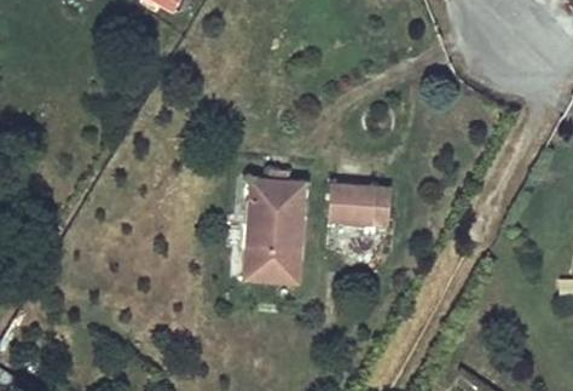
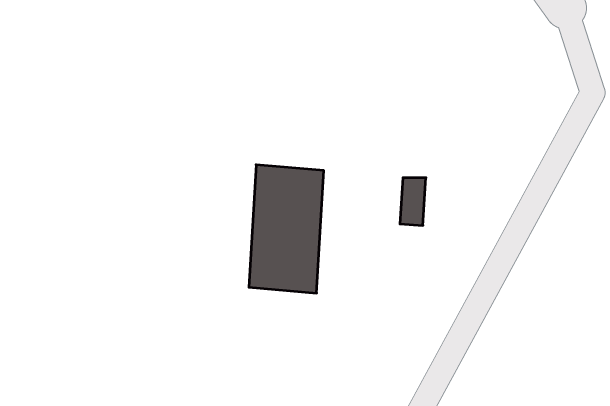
building: [329,185,372,226] -> none

